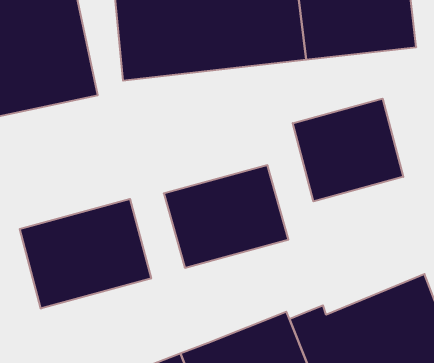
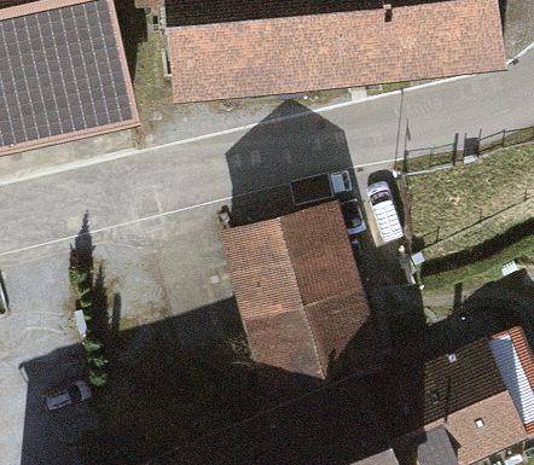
building: [293,99,403,201] -> none
building: [20,199,151,309] -> none
building: none -> [243,289,388,408]

